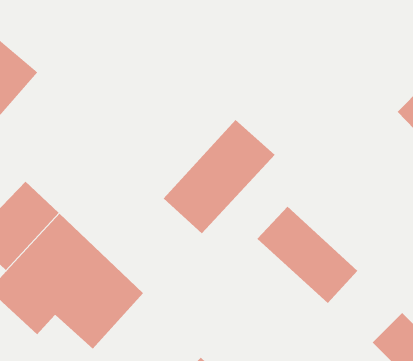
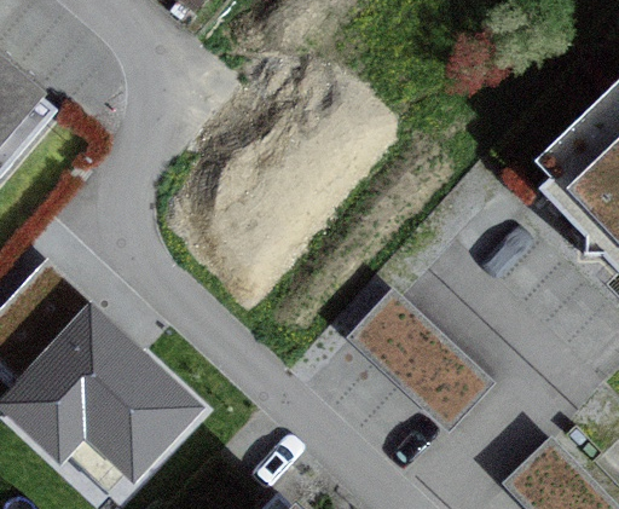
building: [163,119,275,234] -> none

